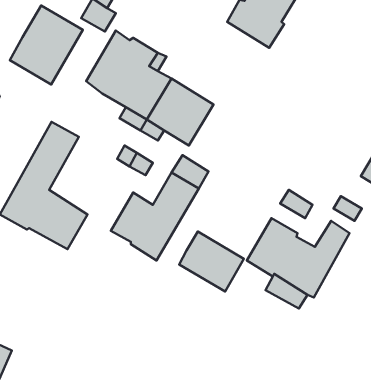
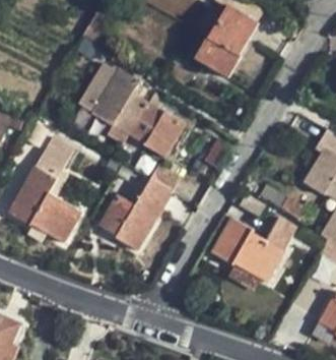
building: [10,6,83,85] -> none
building: [179,232,244,292] -> none

